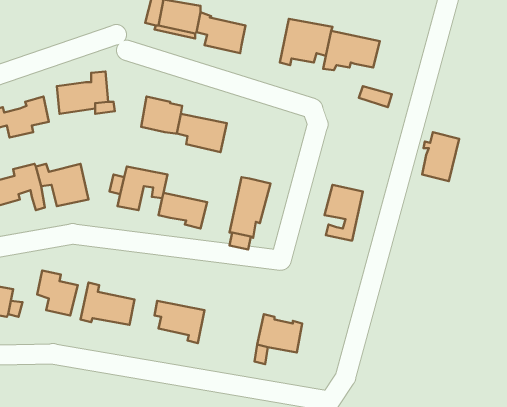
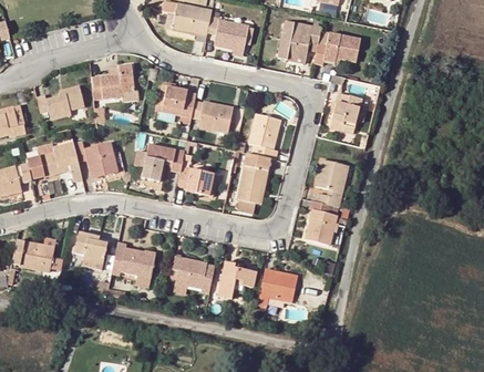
building: none -> [249,114,279,159]
building: [422,132,459,181] -> [329,93,360,134]
building: none -> [305,199,337,244]
building: none -> [218,260,255,297]

